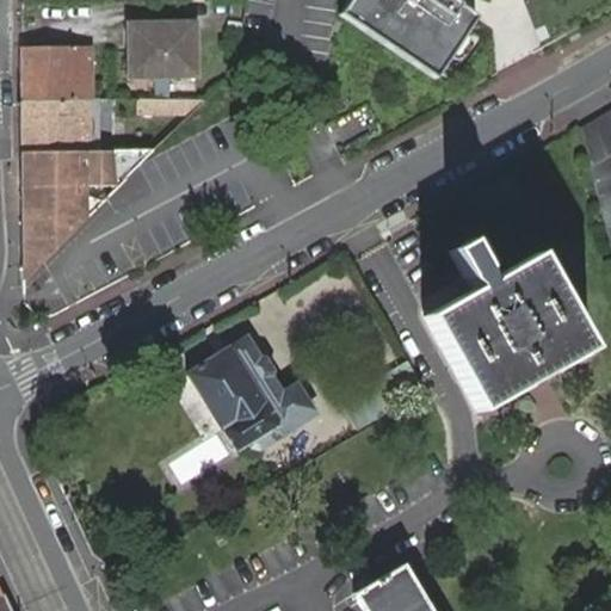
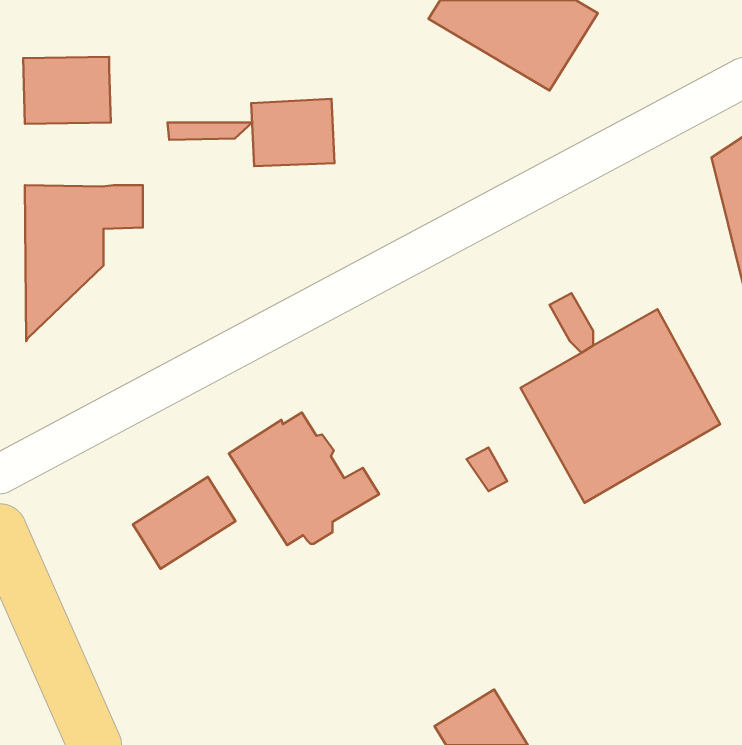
building: [128,21,196,76] -> [251,99,334,166]
building: [23,100,103,153] -> none
building: none -> [133,477,236,569]

